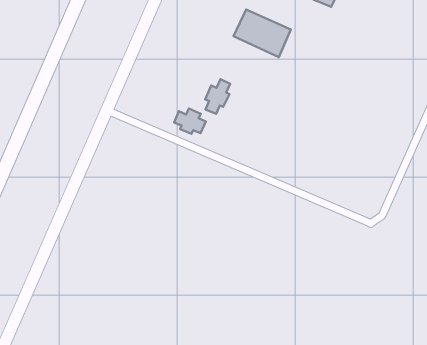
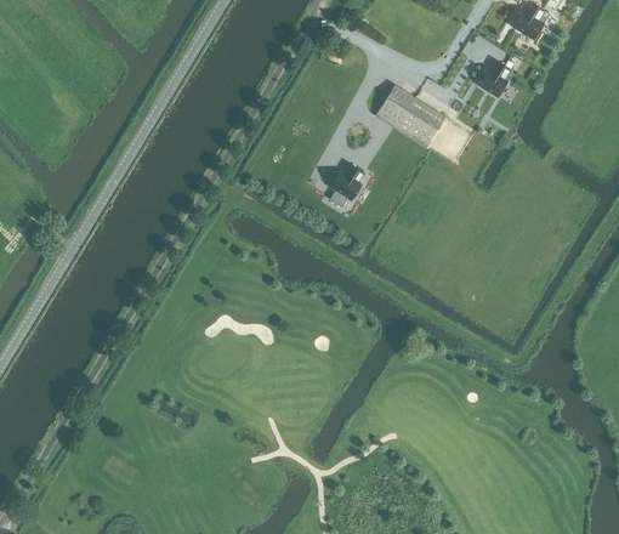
building: [174,109,206,134] -> none

